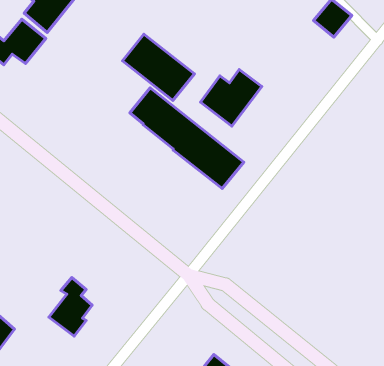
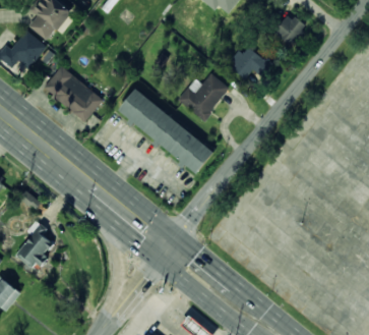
building: [122,34,194,100] -> [43,66,104,122]
building: none -> [230,45,273,78]
building: [49,277,92,336] -> [16,220,53,270]

